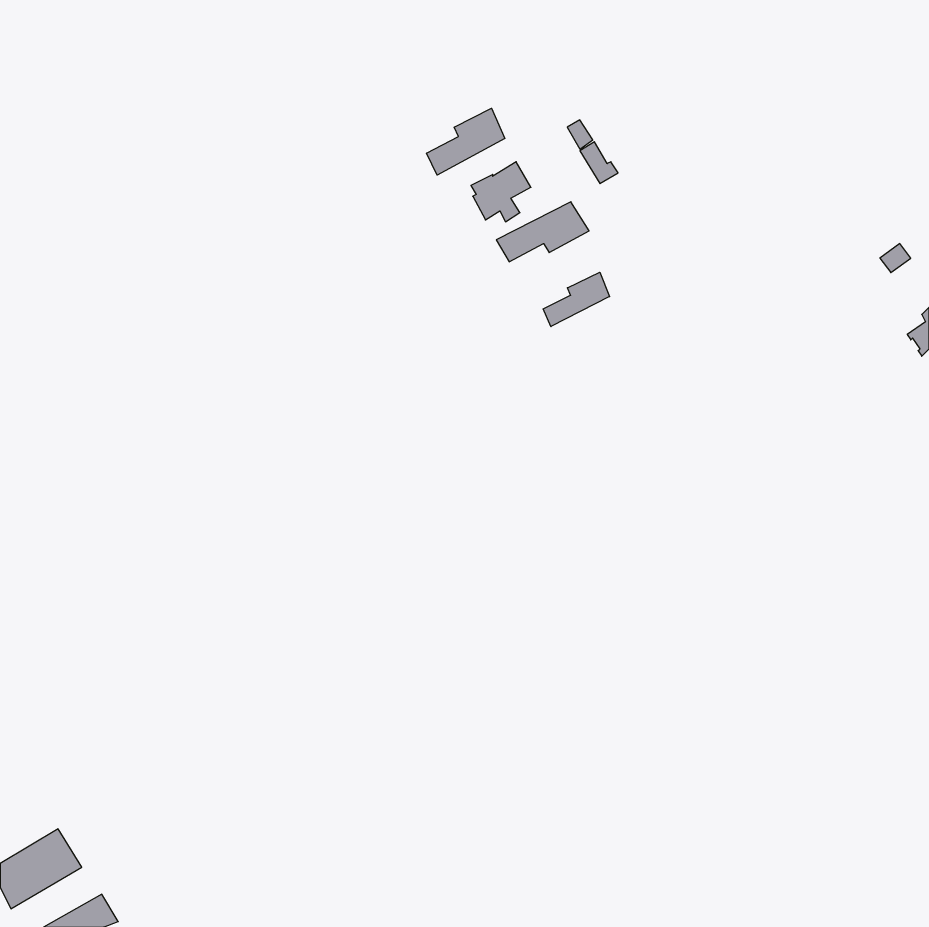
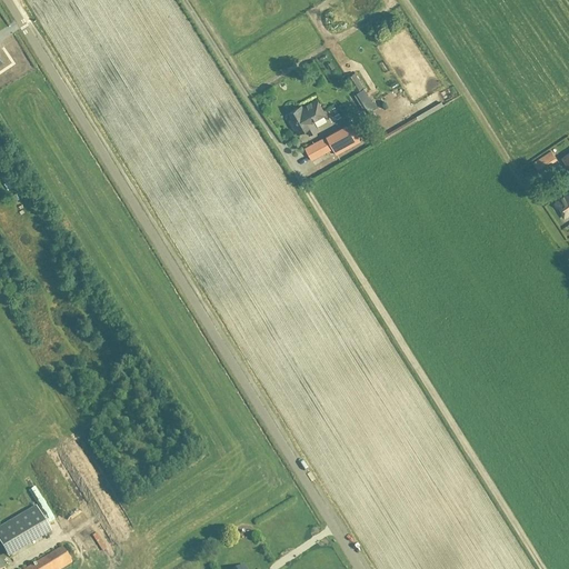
building: [427,108,505,175] -> none
building: [543,272,610,327] -> none

